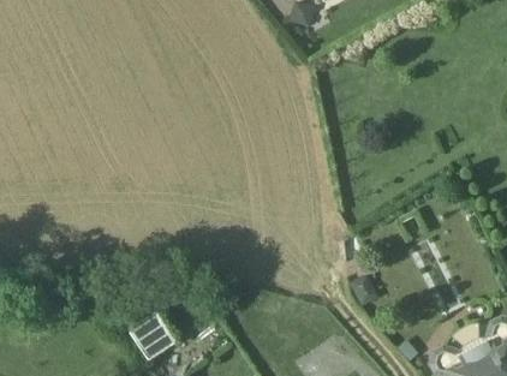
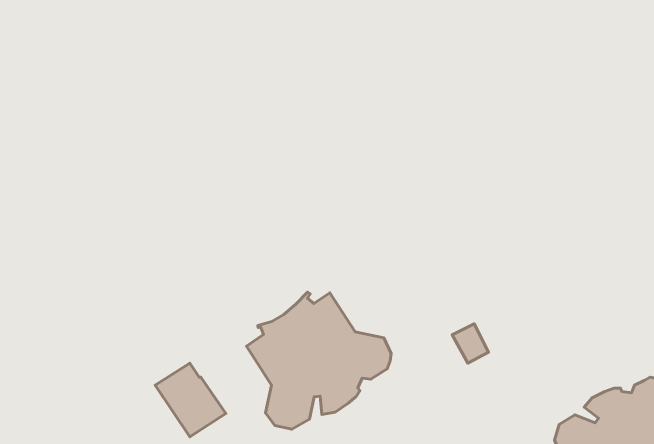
building: none -> [246,292,391,429]

